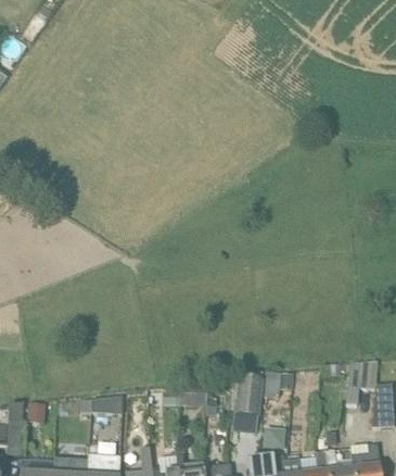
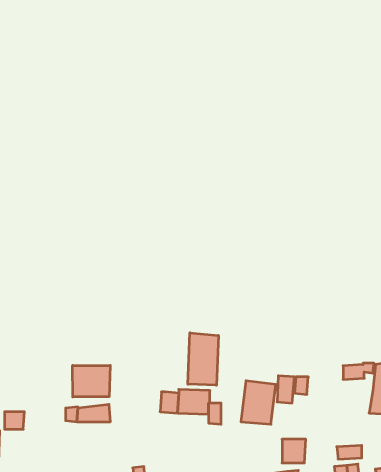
building: none -> [188,333,218,385]
building: none -> [73,365,110,397]

